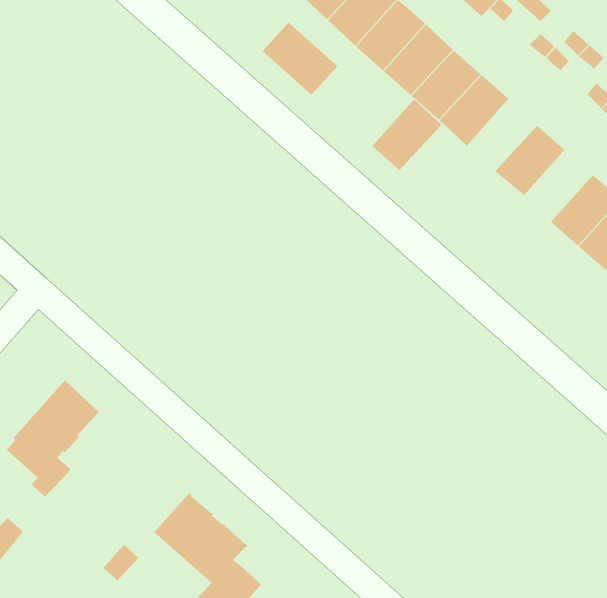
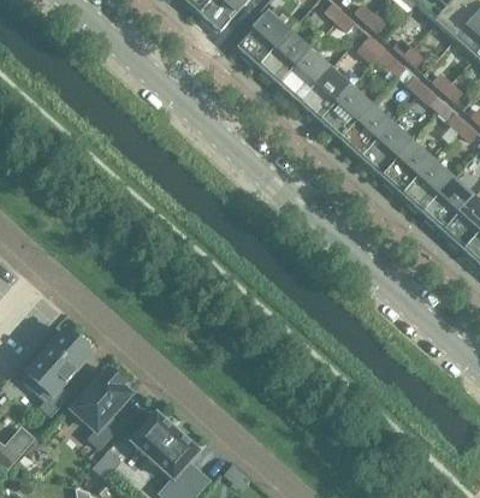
building: [262,22,338,96] -> none
building: [372,99,442,171] -> [361,123,413,176]
building: none -> [403,160,454,213]
building: none -> [75,369,130,447]

